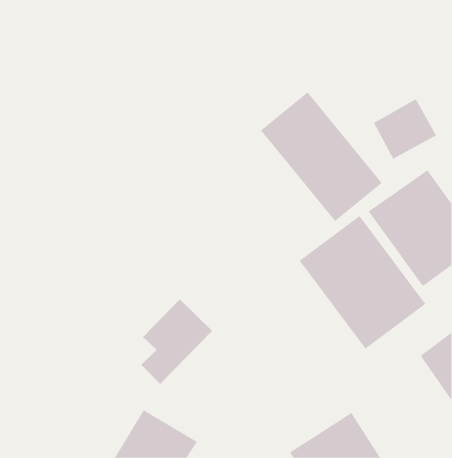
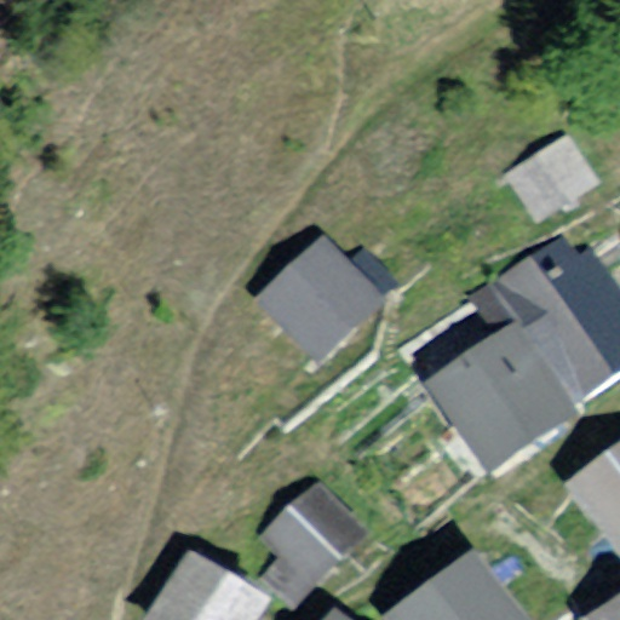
building: [260,92,383,222] -> none
building: none -> [249,237,381,364]
building: [140,299,213,385] -> [262,482,360,598]

